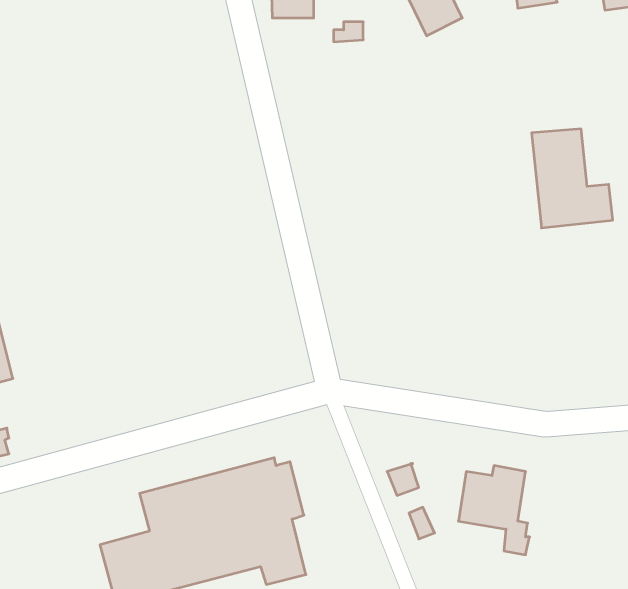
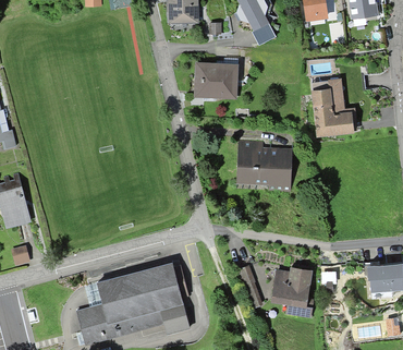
building: none -> [195,64,236,95]
building: none -> [241,143,291,191]

